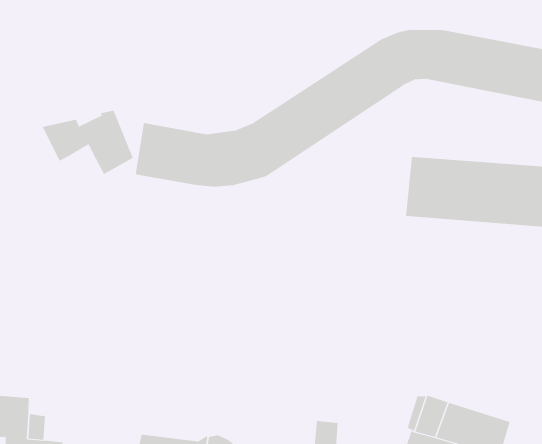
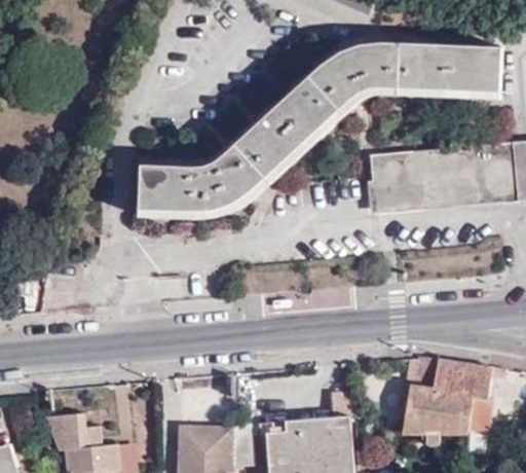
building: [42,110,134,175] -> none

